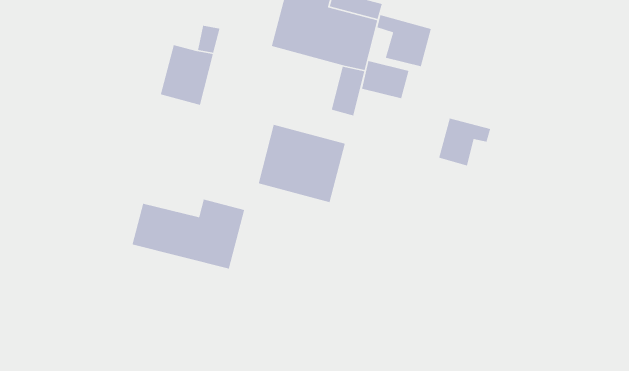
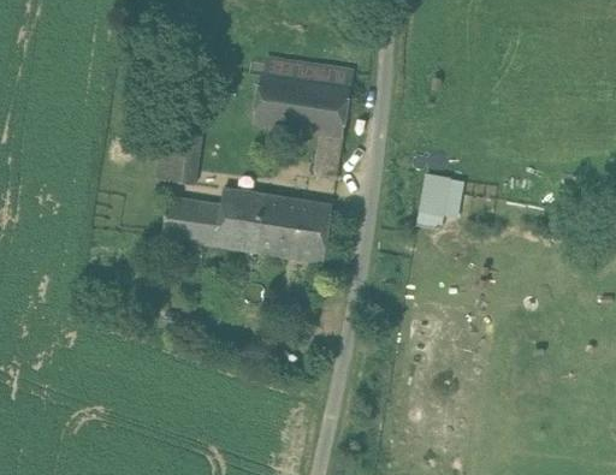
building: [377,14,432,67] -> none
building: [361,60,410,99] -> none
building: [132,199,245,269] -> [162,189,263,251]

